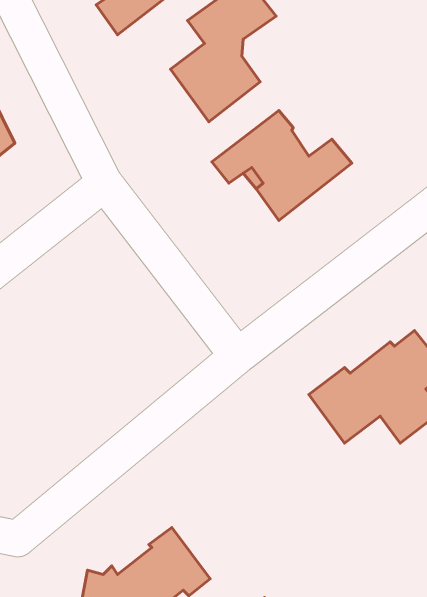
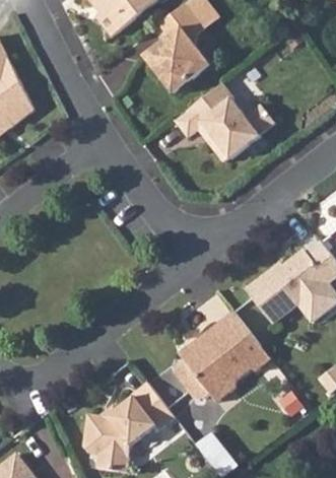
building: none -> [172,313,270,402]

